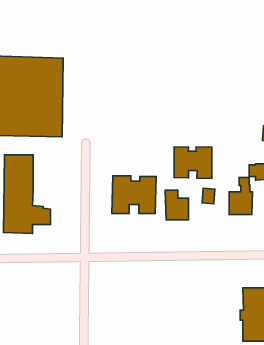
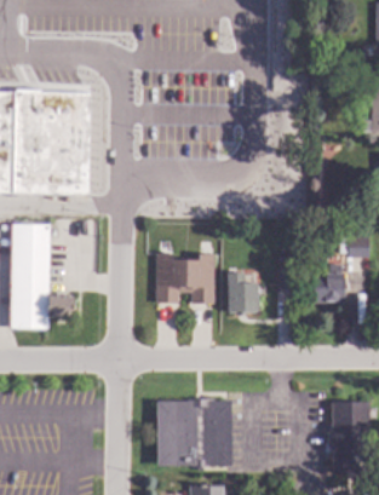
building: [174,147,212,178] -> none
building: none -> [157,398,232,467]

